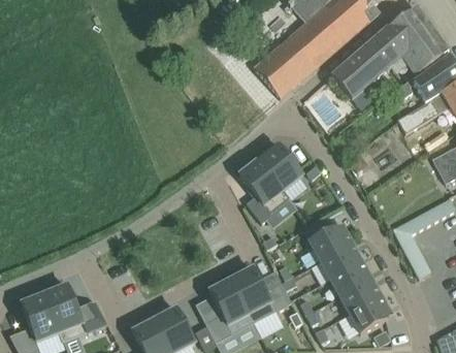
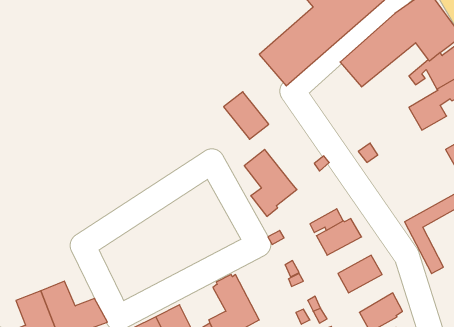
building: [259,143,302,189] -> [224,92,269,139]
building: [319,242,361,277] -> none
building: [231,266,288,321] -> none
building: [339,278,382,314] -> none

